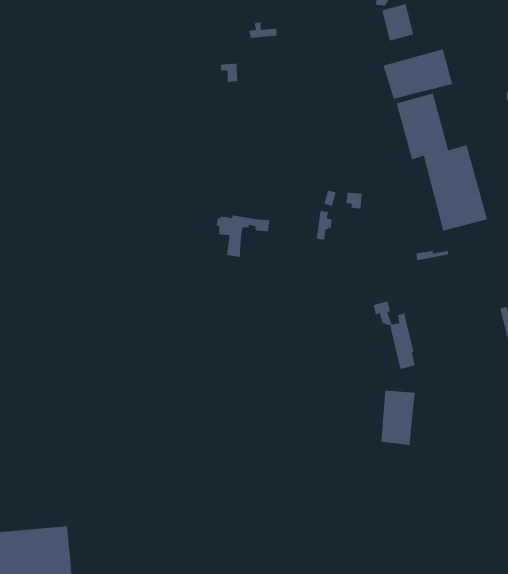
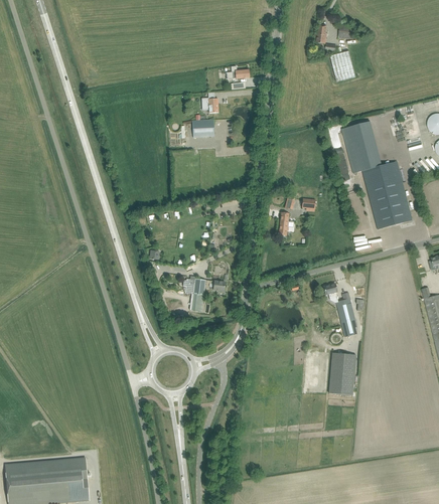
building: [383,48,453,100] -> none
building: none -> [191,119,213,137]
building: [216,215,270,258] -> [182,278,225,311]

